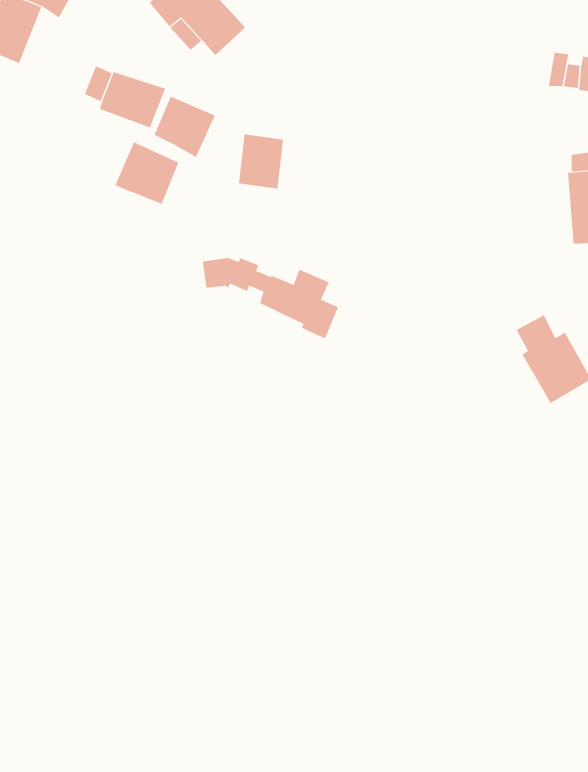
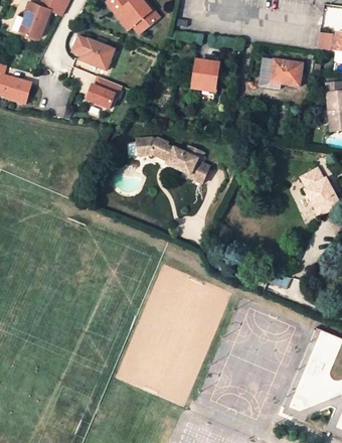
building: [154,96,215,158] -> none
building: none -> [261,57,303,87]
building: [238,134,284,189] -> [194,60,218,90]

